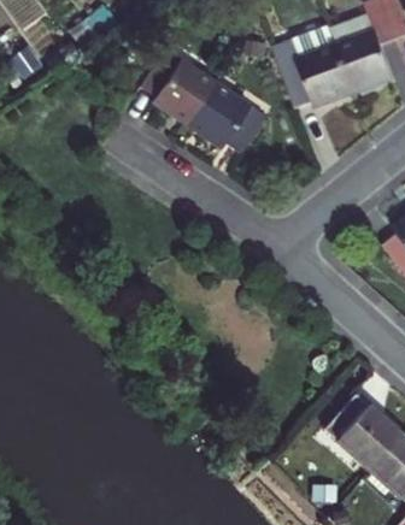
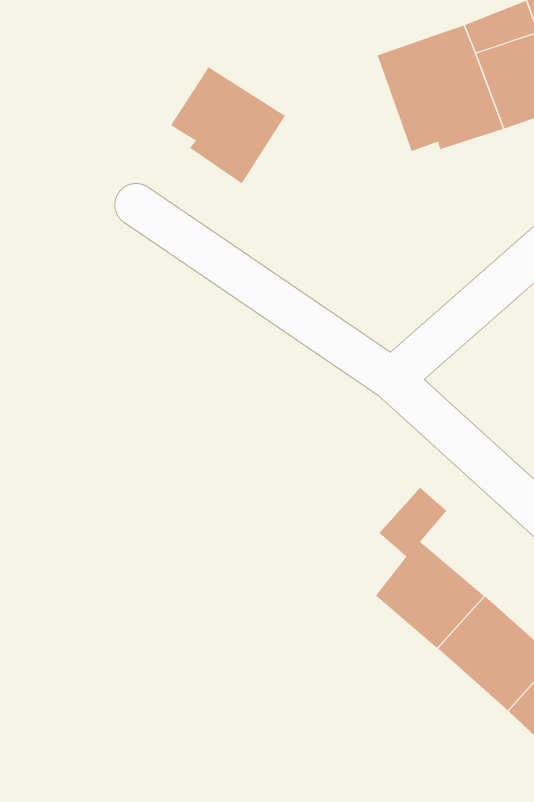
building: [194,84,272,157] -> none
building: none -> [375,487,485,649]

